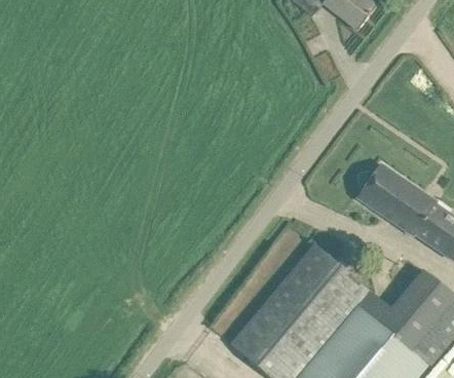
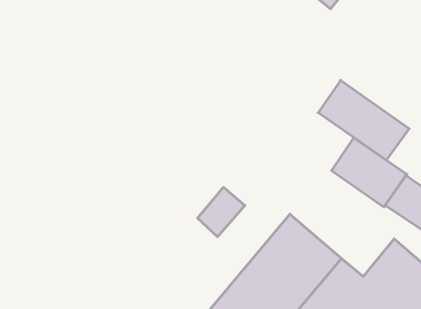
building: none -> [318,80,409,160]
building: none -> [198,187,245,237]

